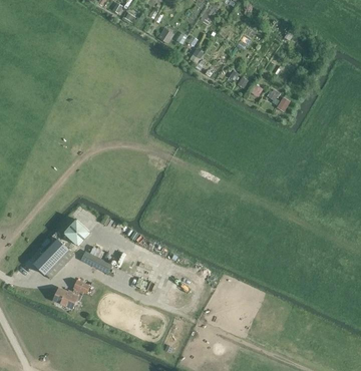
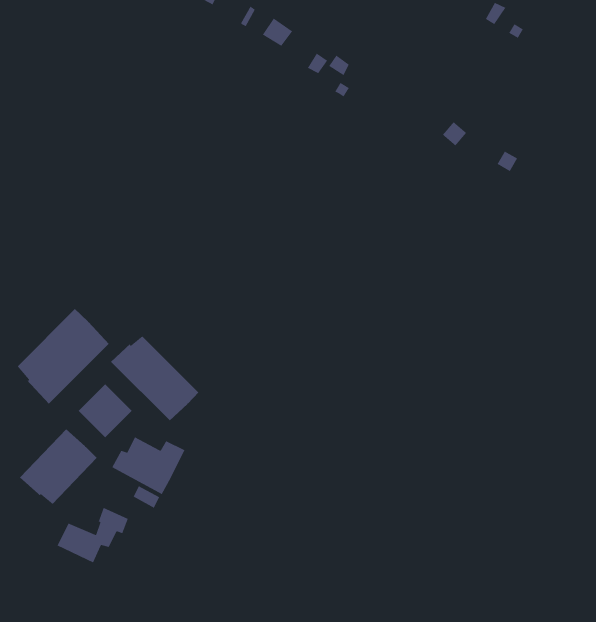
building: none -> [17,308,109,404]
building: none -> [110,335,199,421]

